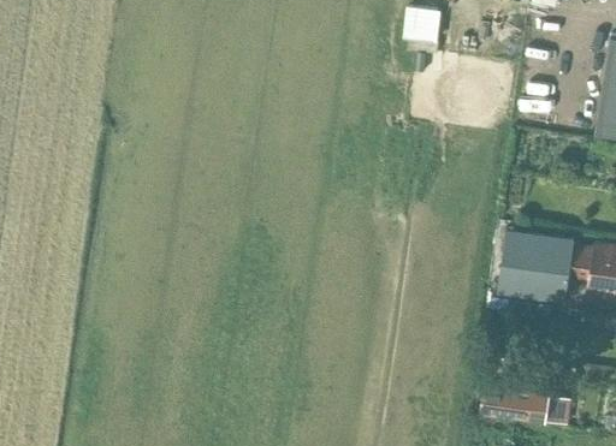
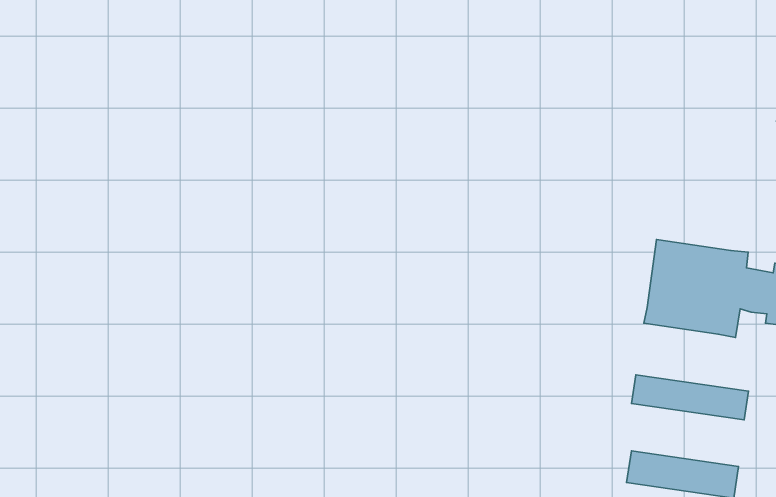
building: none -> [632,375,748,420]

